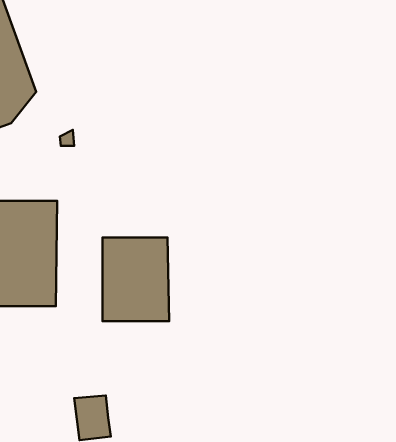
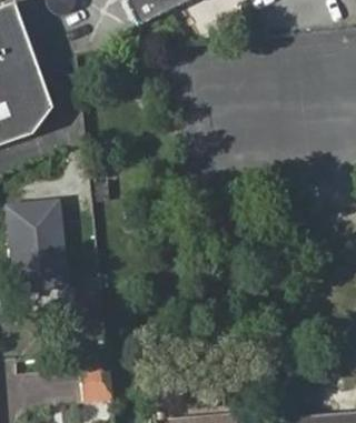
building: [102,238,169,321] -> none

